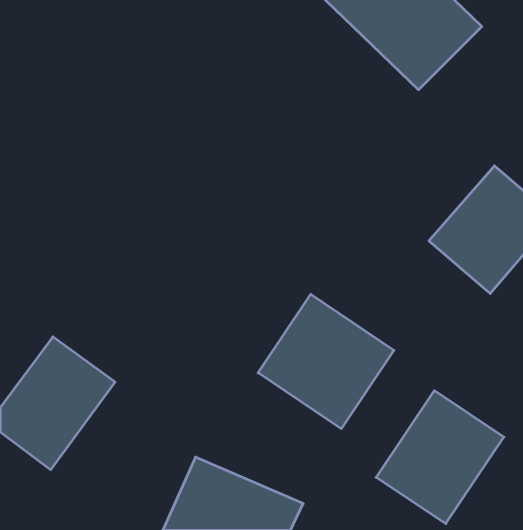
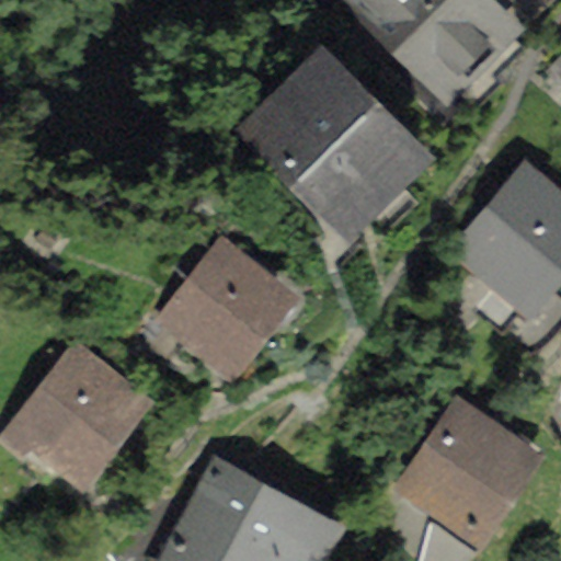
building: none -> [243,51,416,222]
building: none -> [158,238,286,369]
building: [258,294,394,429] -> none

